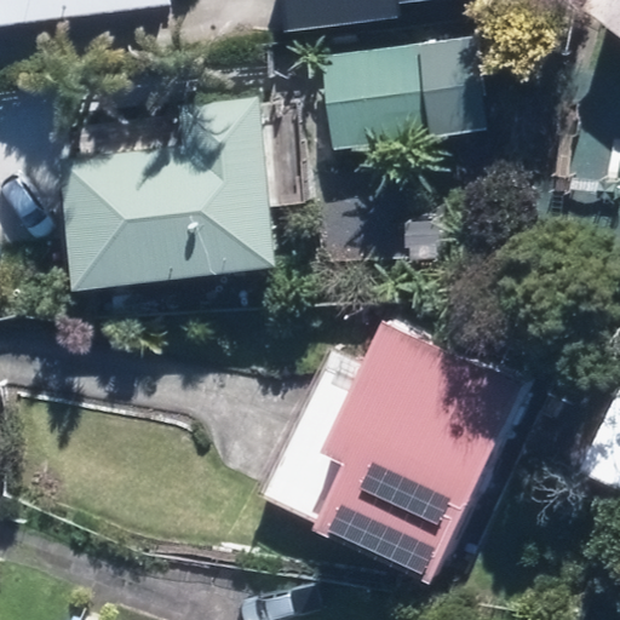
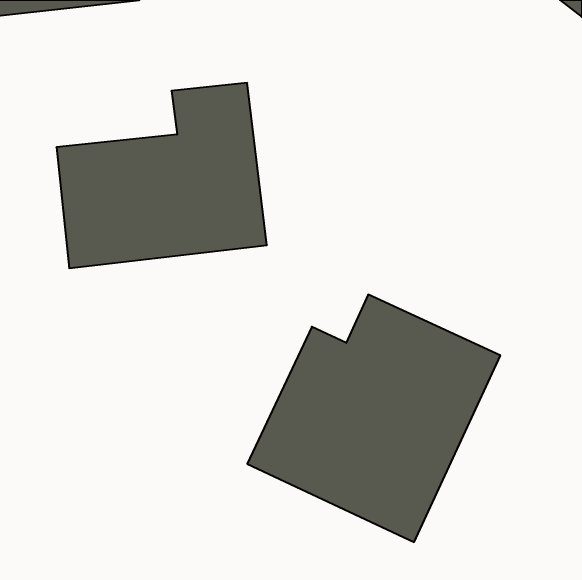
building: [320,41,440,153] -> none

